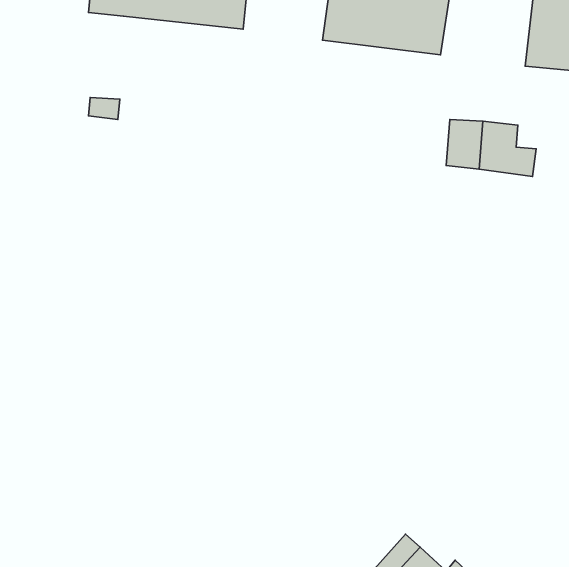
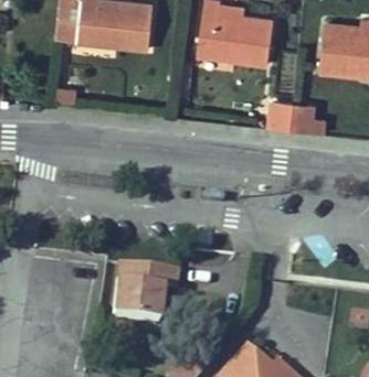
building: none -> [112,265,178,324]

